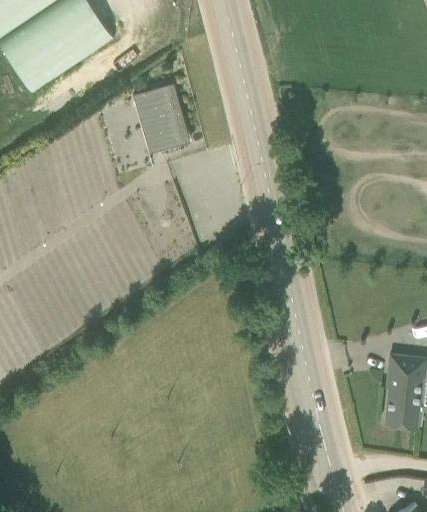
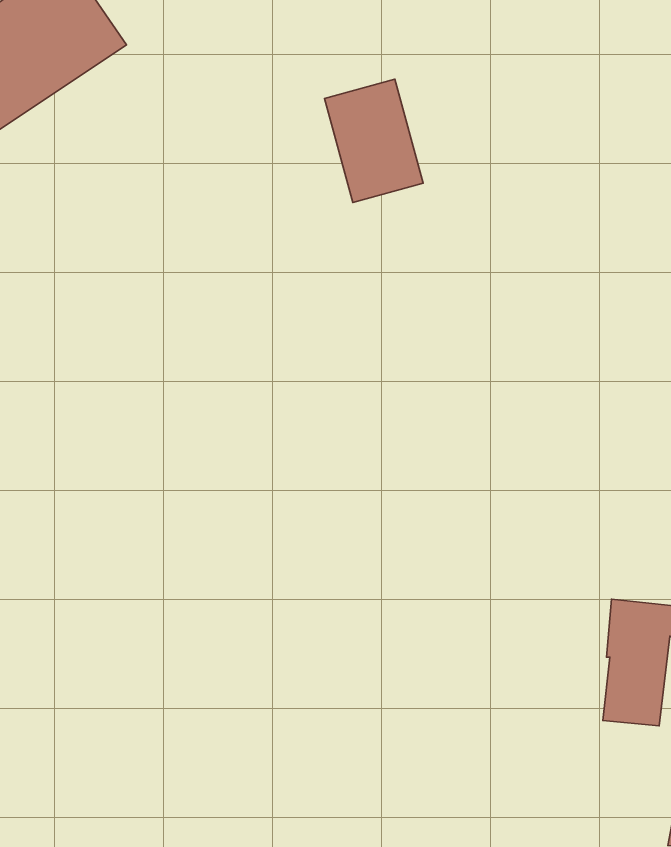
building: [133,82,189,152] -> [325,79,423,202]

